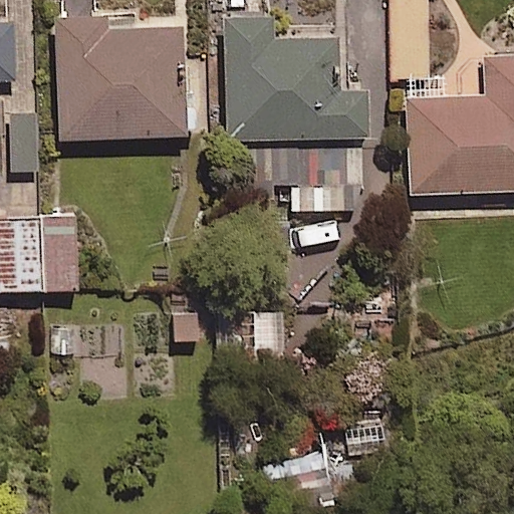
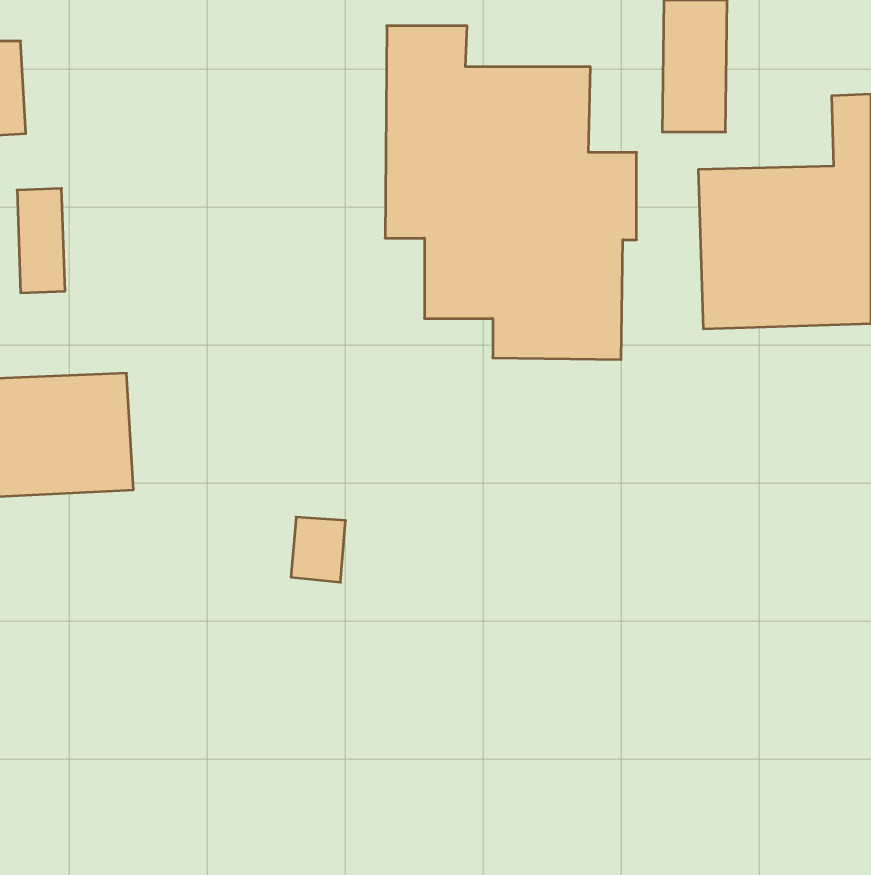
building: [51,13,188,141] -> none

